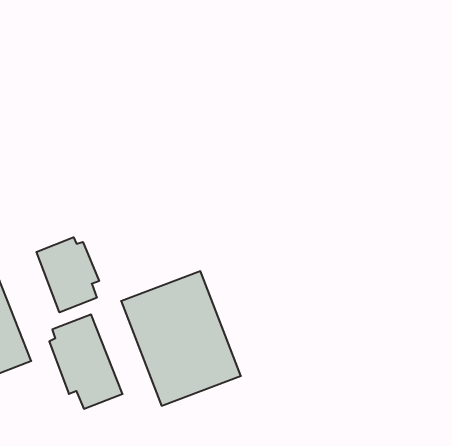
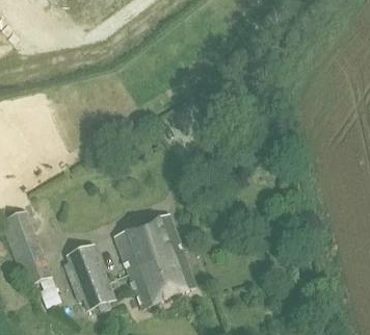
building: [36,237,99,312] -> none

